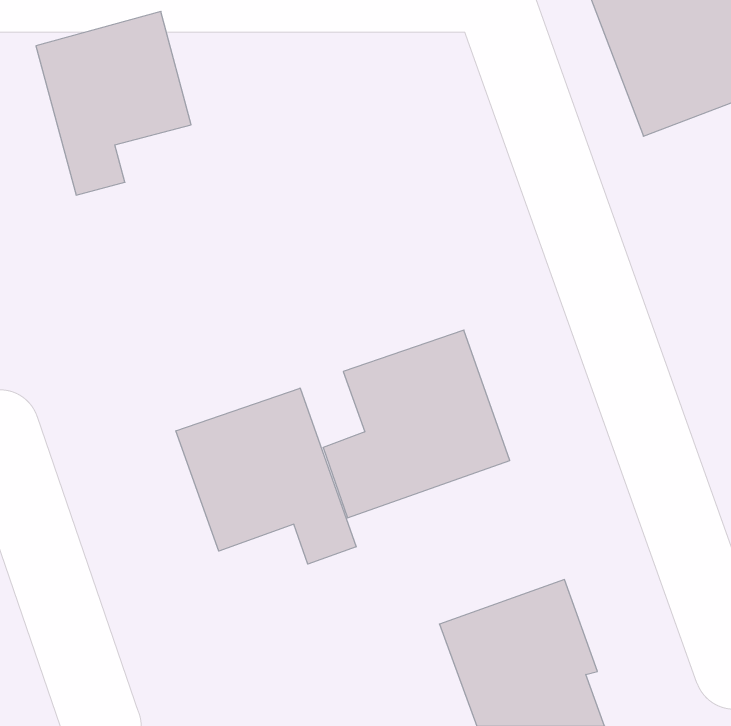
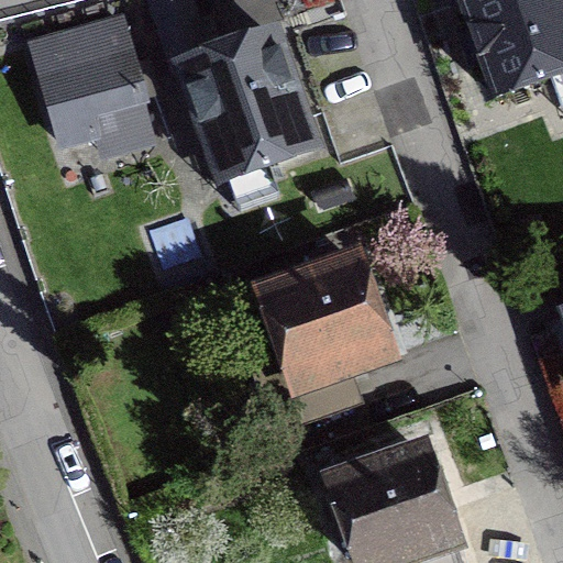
building: none -> [185,32,321,179]
building: [176,388,356,564] -> none

